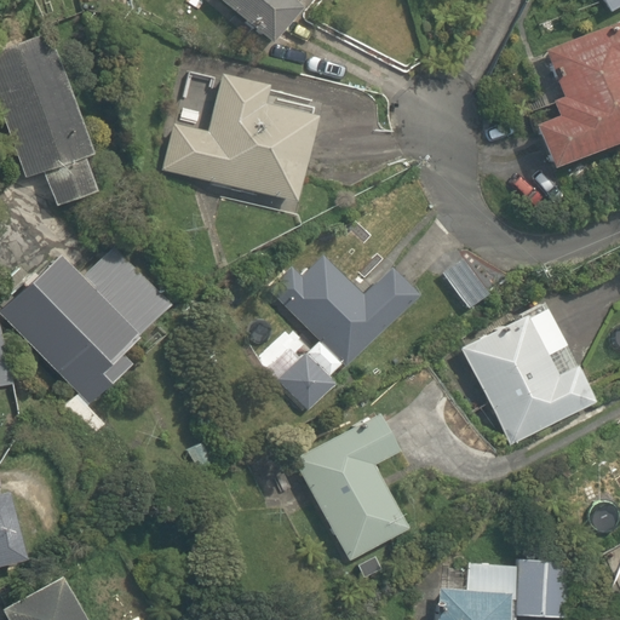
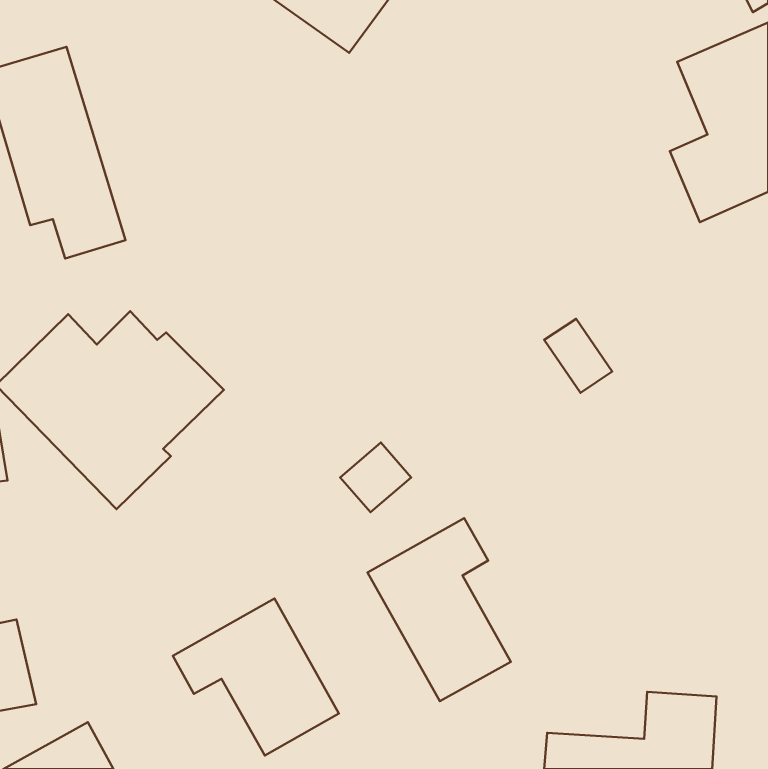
building: [162,78,323,205] -> none
building: [269,256,420,368] -> none
building: [460,297,599,442] -> none
building: none -> [173,598,339,756]

